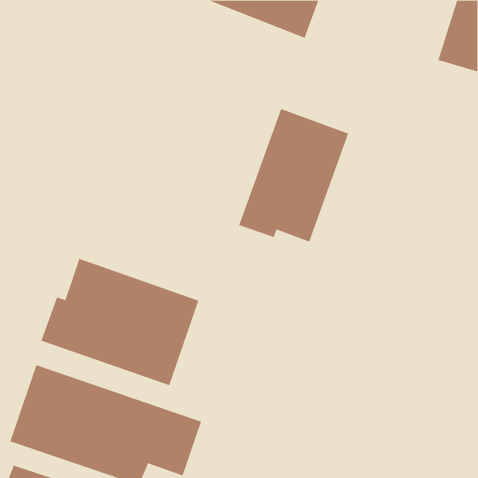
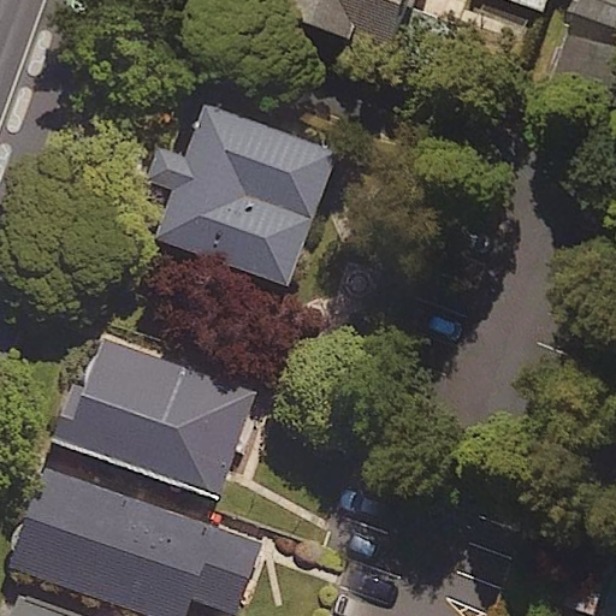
building: none -> [128,105,336,284]
building: [238,108,349,242] -> none

